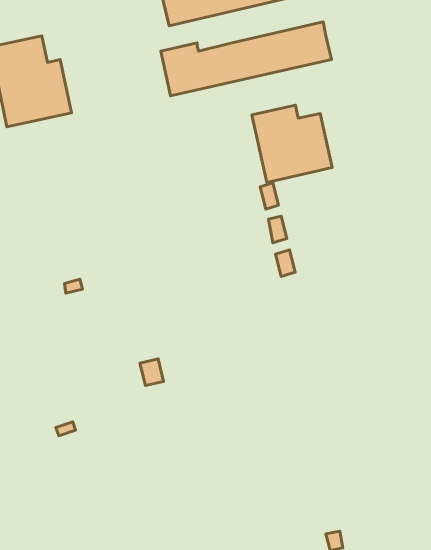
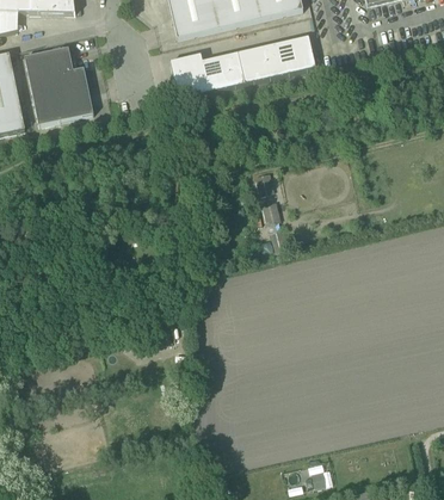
building: [252,105,332,182] -> none

